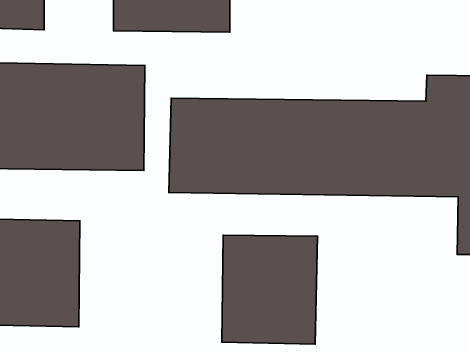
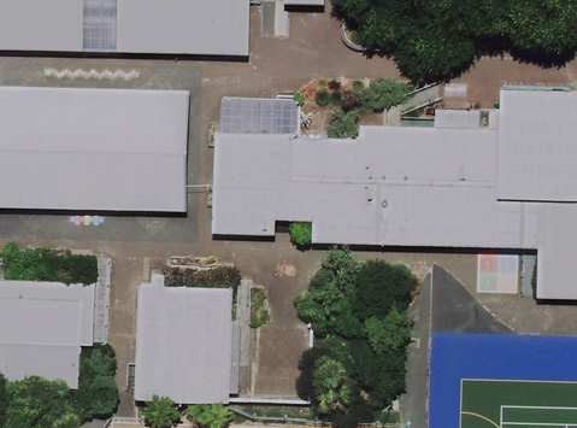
building: [222,235,317,344] -> [134,265,243,391]

